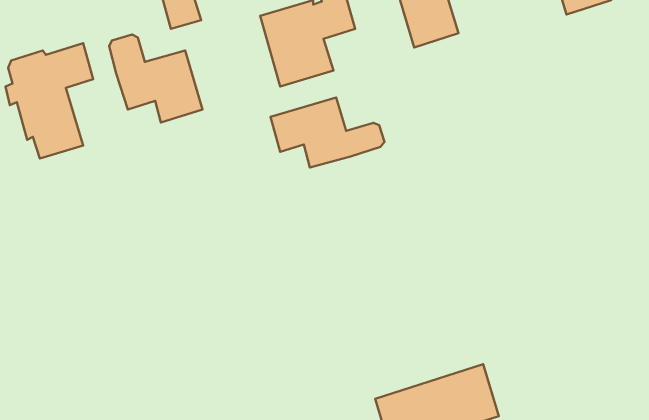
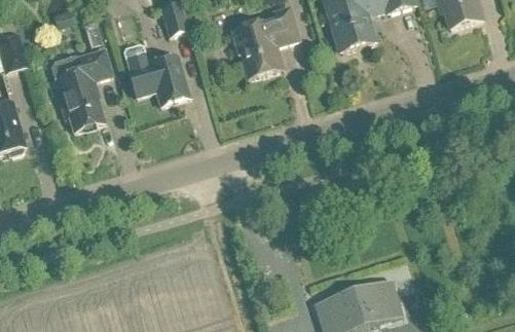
building: [271,97,384,168] -> none

